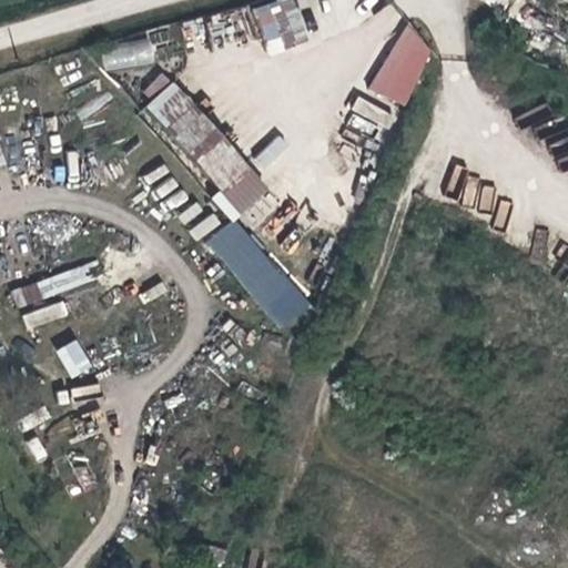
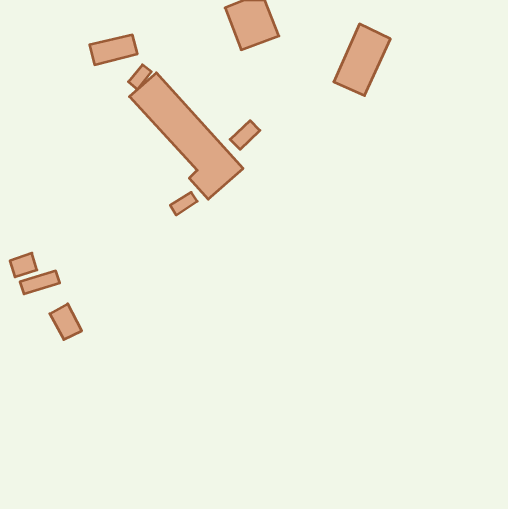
building: [206,217,312,332] -> none

